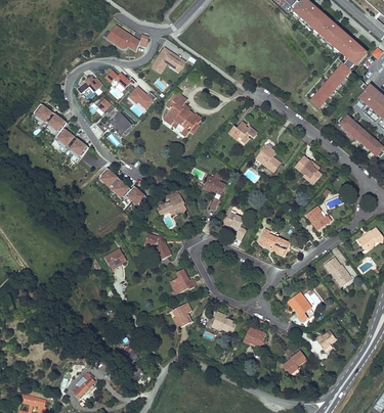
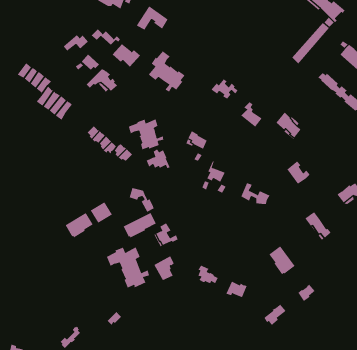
building: none -> [128,119,164,150]
building: none -> [65,212,94,238]
building: none -> [123,212,157,238]
building: none -> [106,247,150,289]

